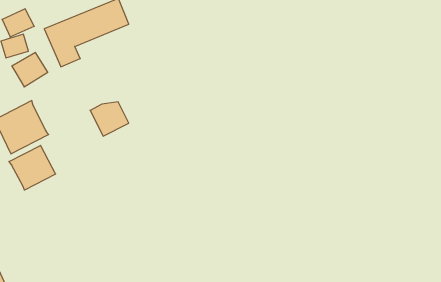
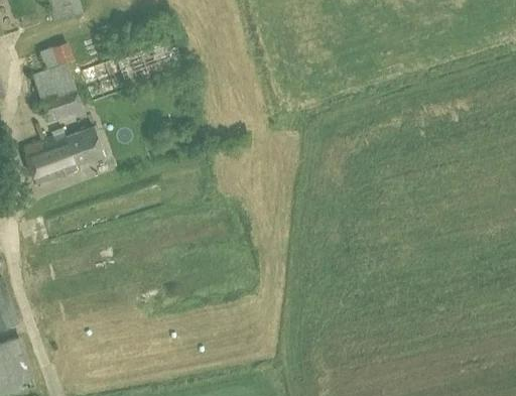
building: [90,102,129,136] -> [61,136,100,169]
building: [9,145,56,190] -> none

